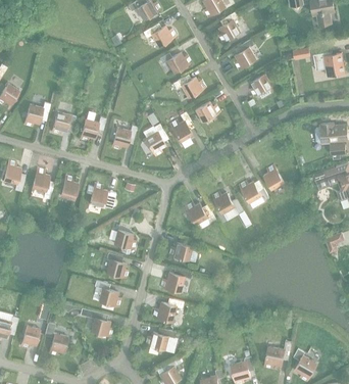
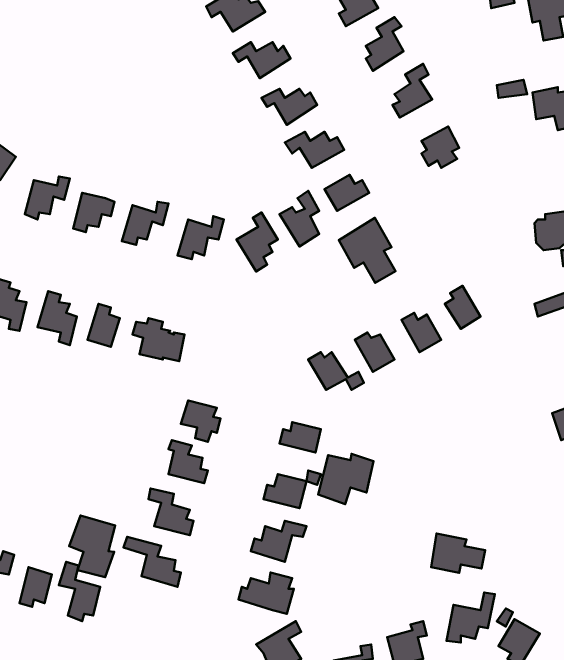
building: none -> [339,218,395,283]
building: none -> [318,454,374,504]
building: none -> [69,516,115,577]
building: none -> [431,533,485,573]

